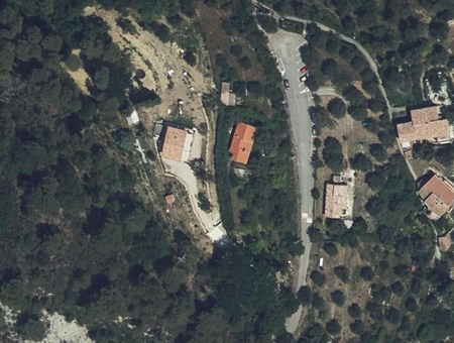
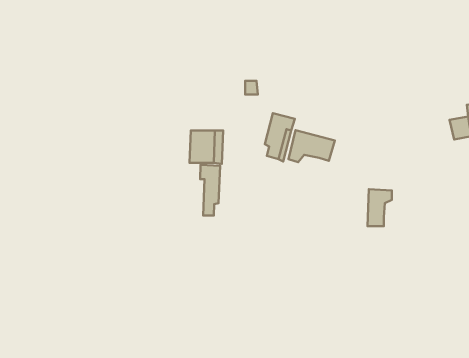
building: none -> [288,130,335,162]
building: none -> [200,165,220,216]

